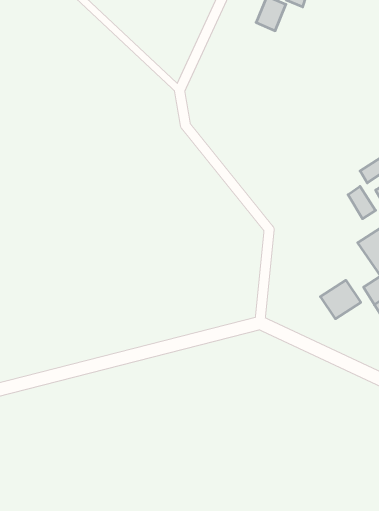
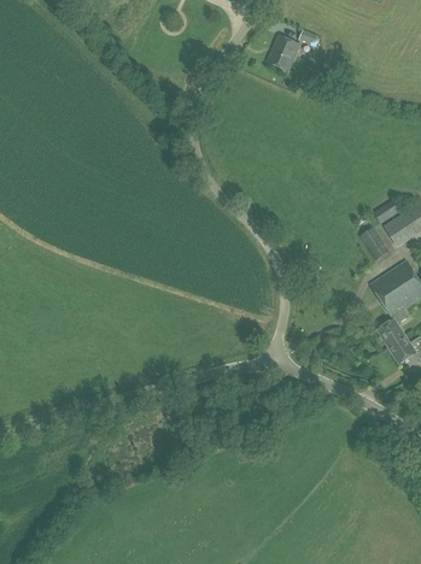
building: [320,280,361,319] -> none

